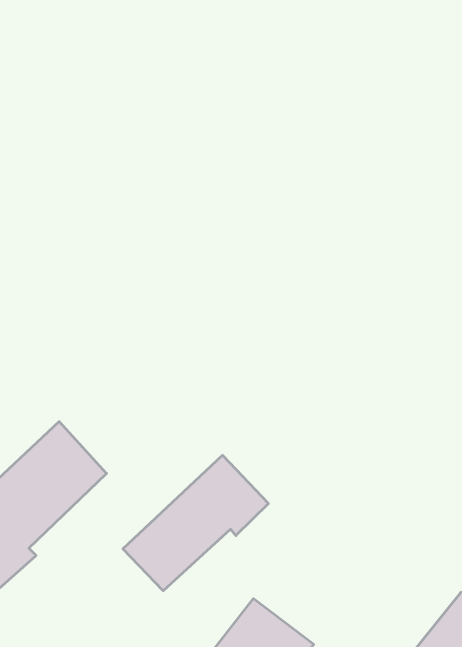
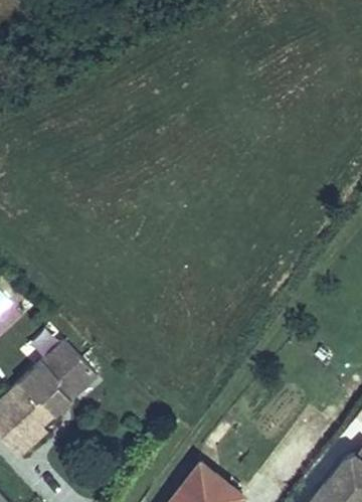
building: [123,455,268,591] -> none

